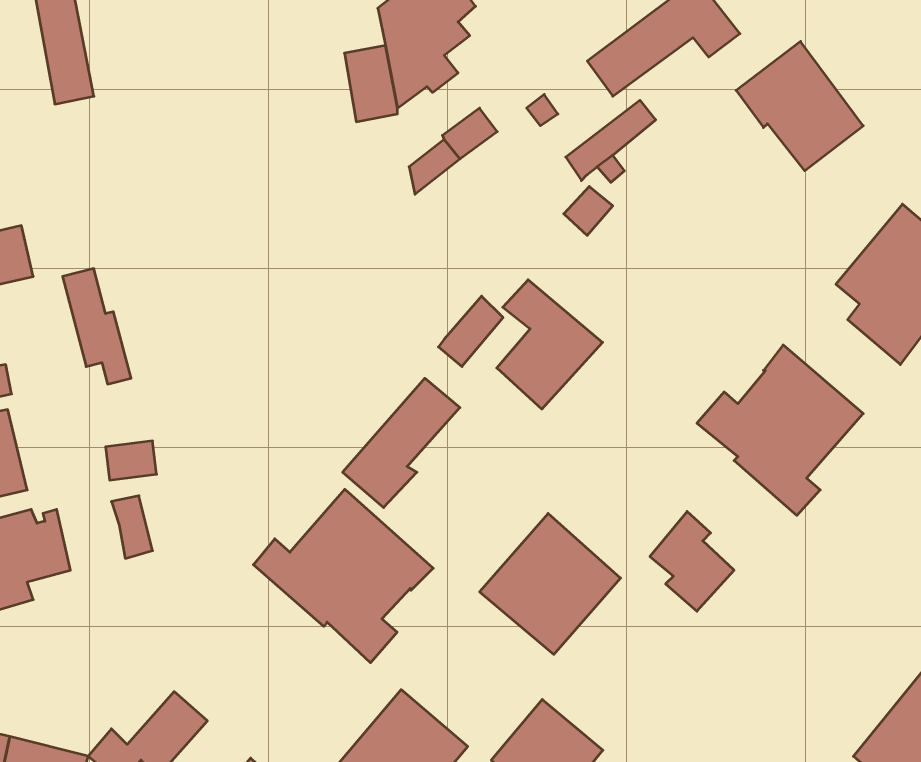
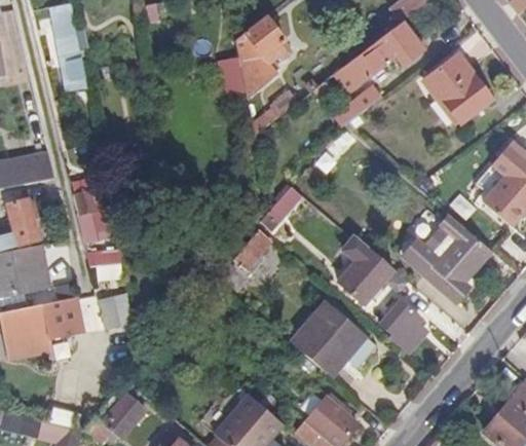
building: [497,280,603,409] -> [337,236,392,304]
building: [253,489,433,663] -> none

